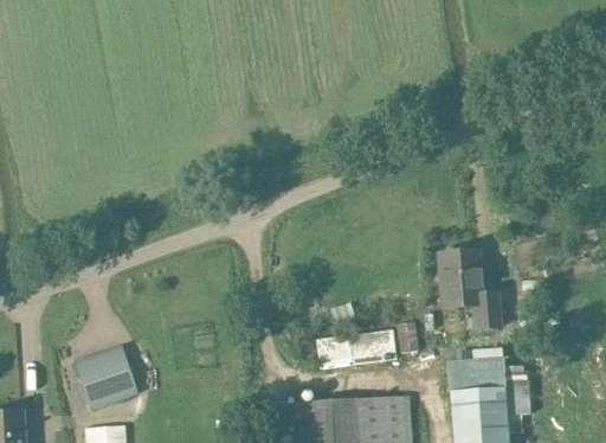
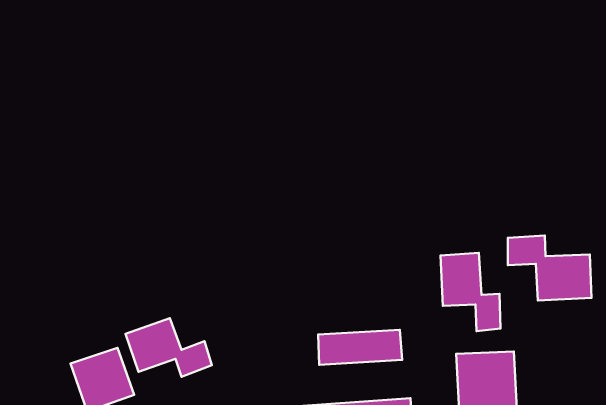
building: none -> [508,236,591,300]
building: none -> [125,318,212,377]

